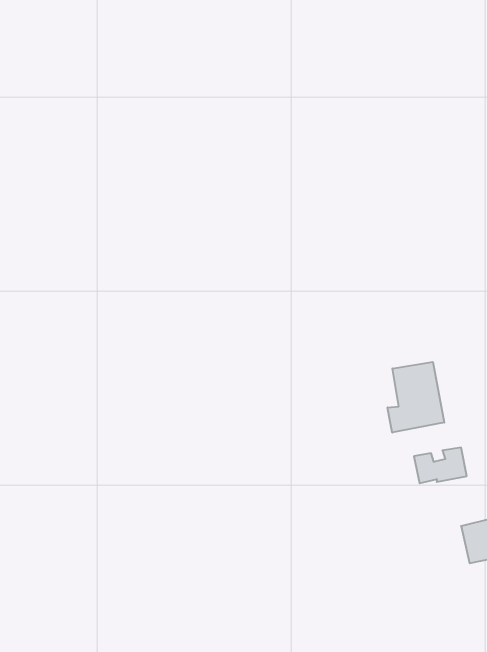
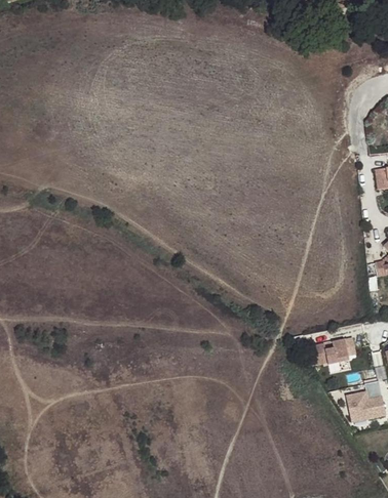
building: [388,362,444,433] -> none

